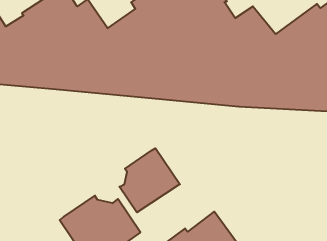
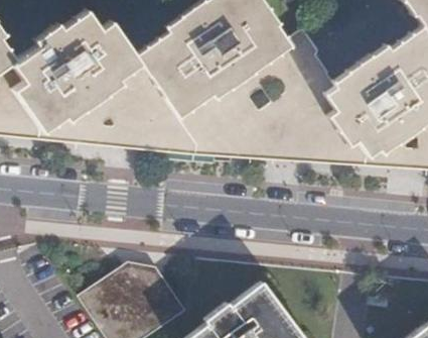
building: [119,148,180,212] -> none

